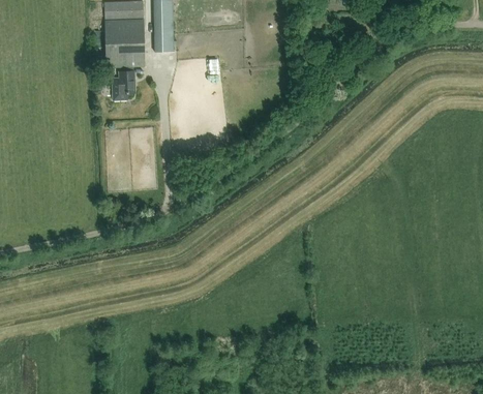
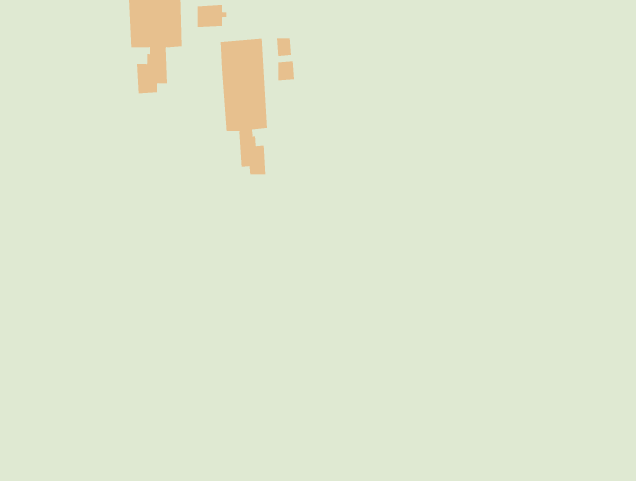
building: none -> [220,38,267,175]

